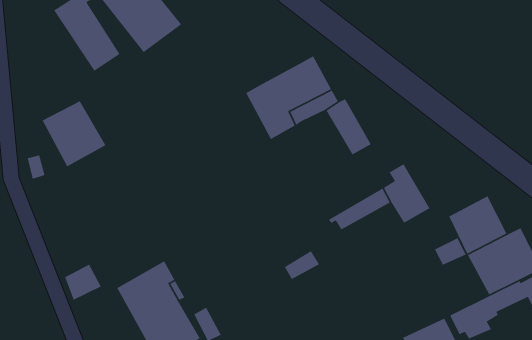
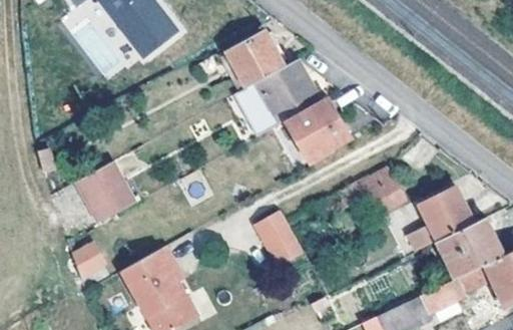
building: none -> [228,29,285,85]
building: [42,100,107,167] -> [75,160,134,222]
building: none -> [288,108,333,161]
building: none -> [253,209,296,251]

